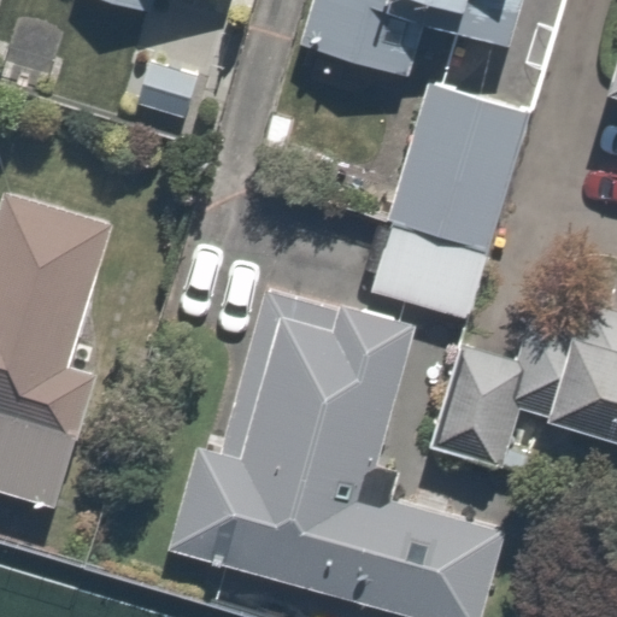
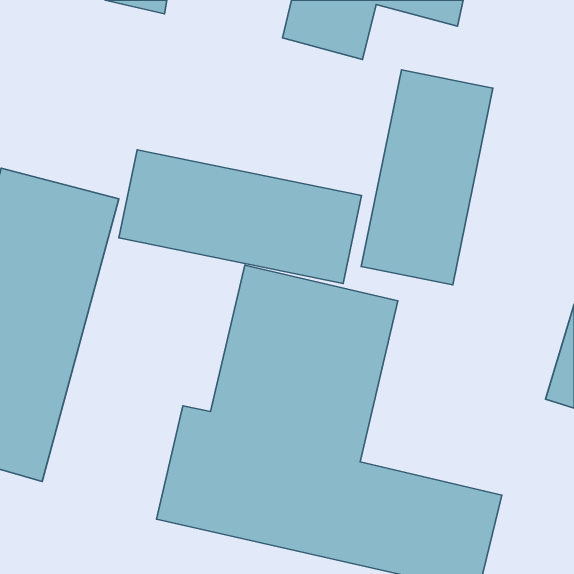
building: none -> [119,150,361,284]
building: [428,343,551,478] -> none

